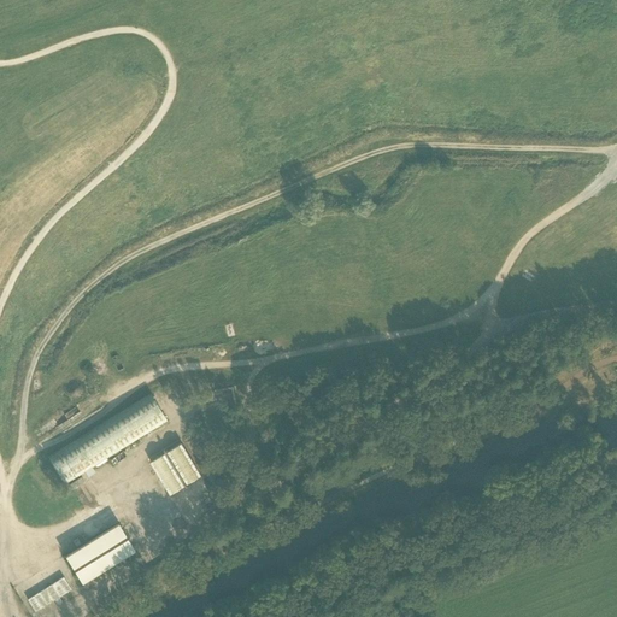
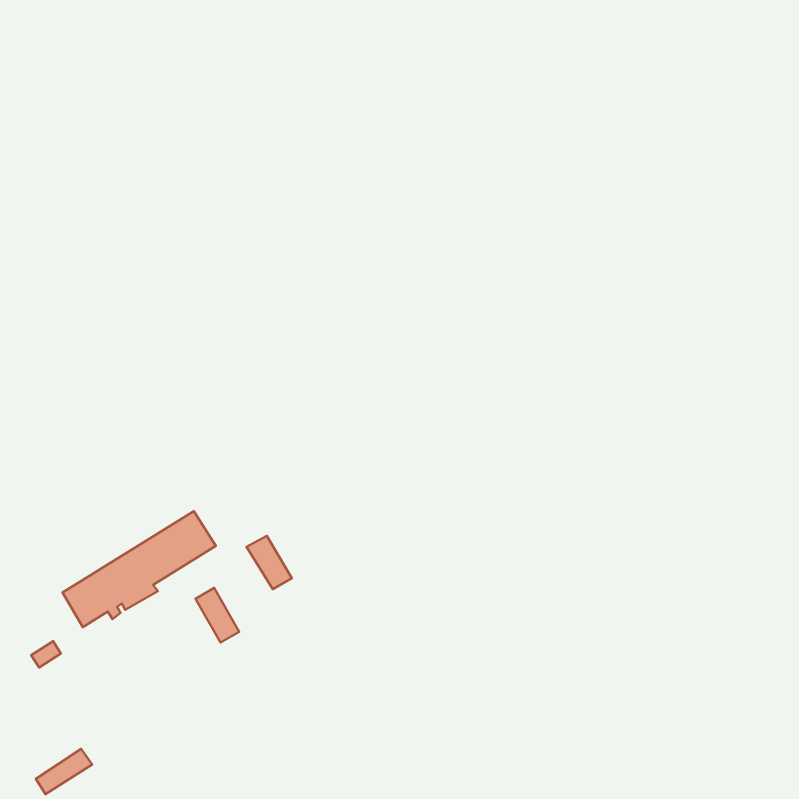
building: [166,443,201,484] -> [246,536,292,589]
building: [65,524,134,583] -> none

